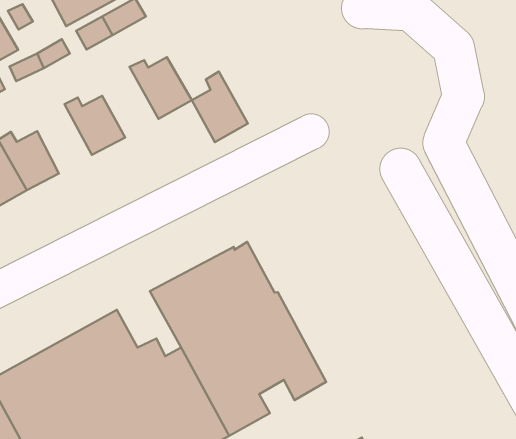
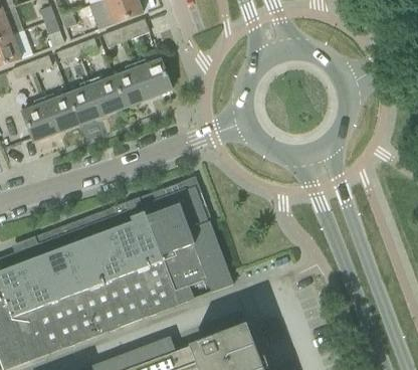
building: [192,72,248,142] -> [114,62,148,108]
building: none -> [68,80,101,125]
building: none -> [103,209,142,252]

